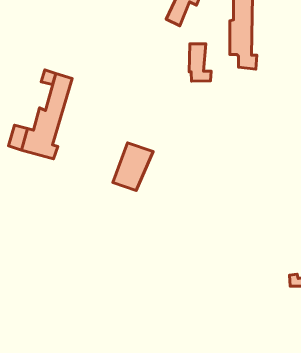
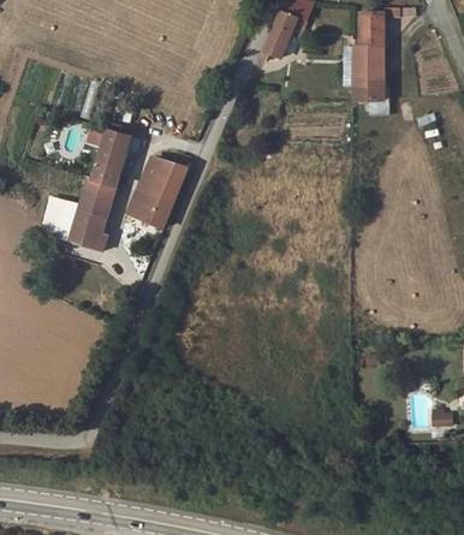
building: [189,44,211,81] -> none
building: [113,143,153,190] -> [132,155,189,221]

